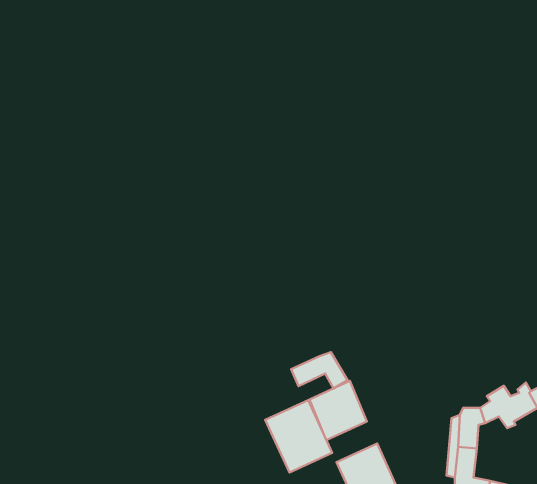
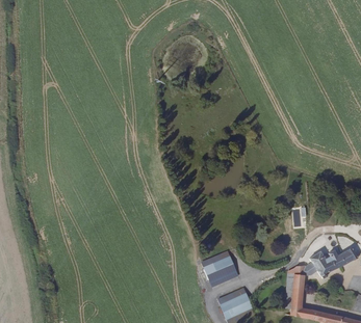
building: [291,352,347,388] -> none
building: [265,400,332,472] -> none

